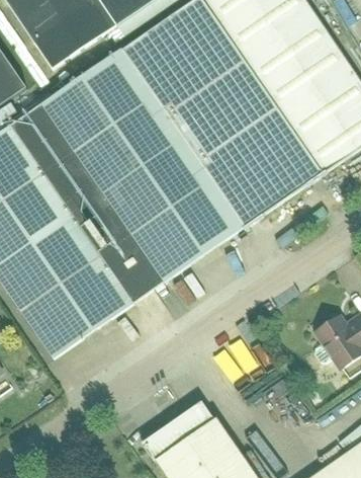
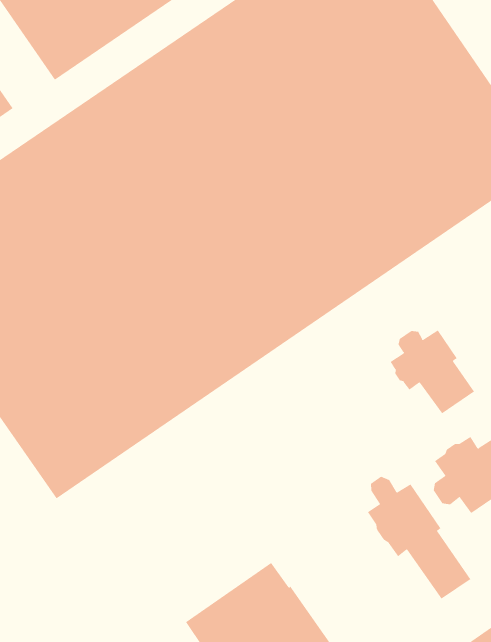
building: none -> [390,330,475,414]
building: none -> [367,476,471,599]

